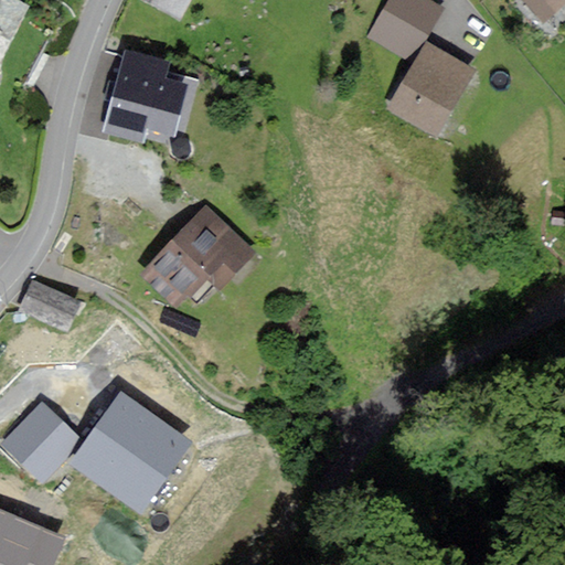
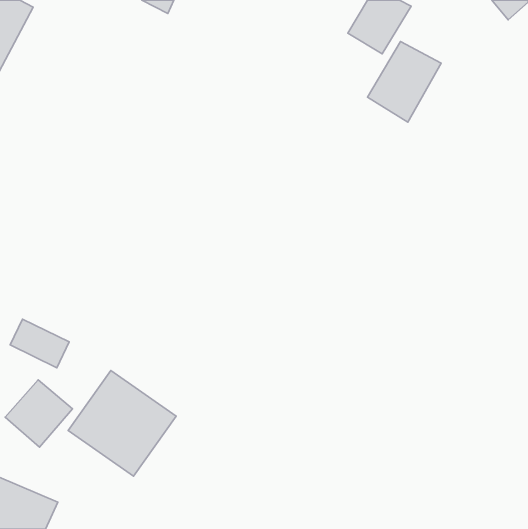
building: [105,51,183,139] -> none
building: [146,209,249,301] -> none
building: [19,279,82,331] -> [10,319,69,368]

